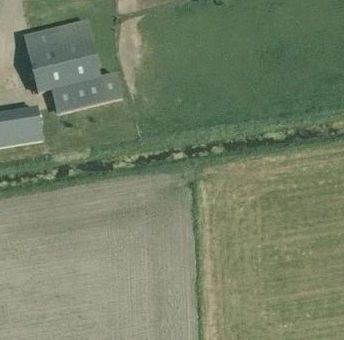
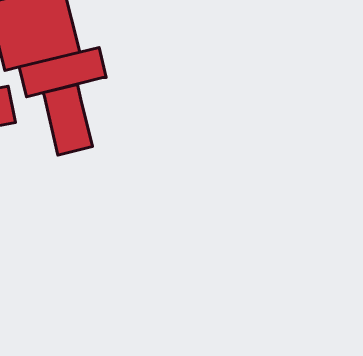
building: none -> [43,84,92,155]

